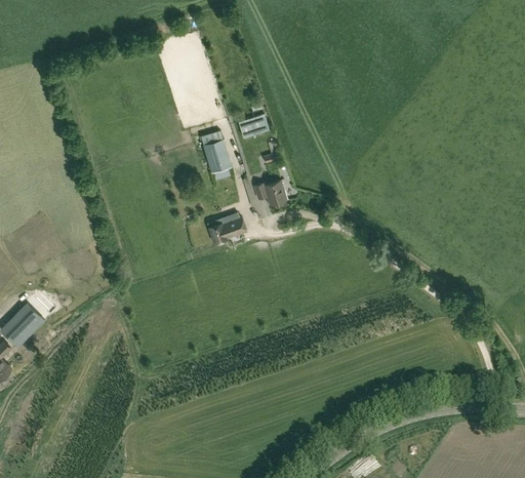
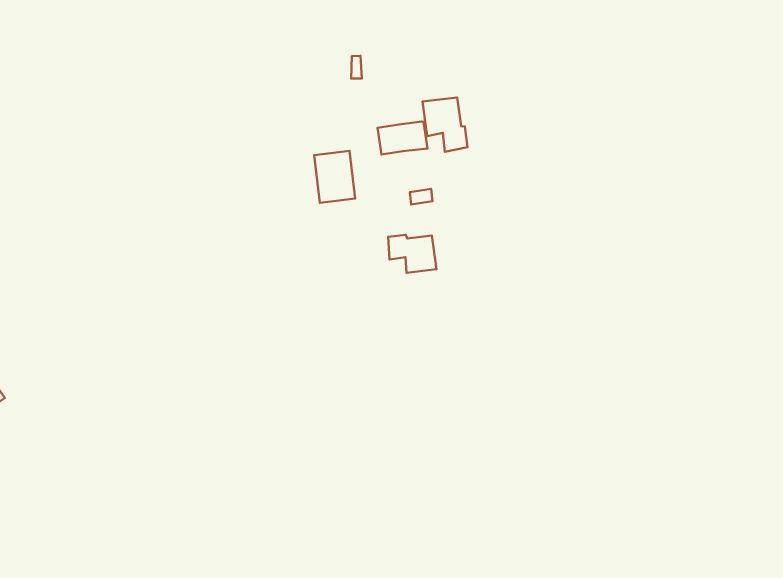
building: none -> [423,98,468,152]
building: [208,217,246,244] -> none

